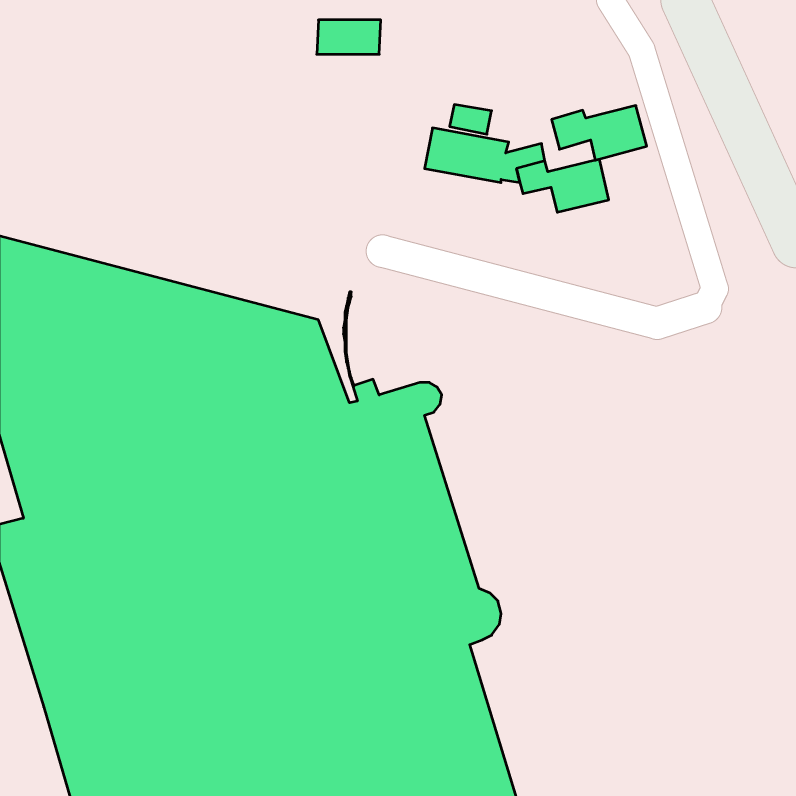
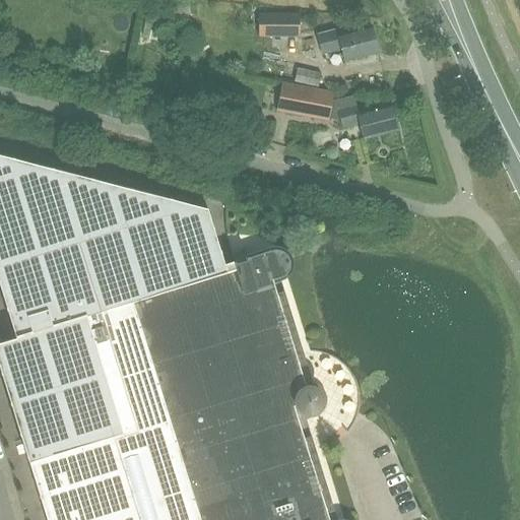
building: [317,20,381,54] -> [257,14,299,37]
building: [552,106,647,160] -> [315,26,377,62]

